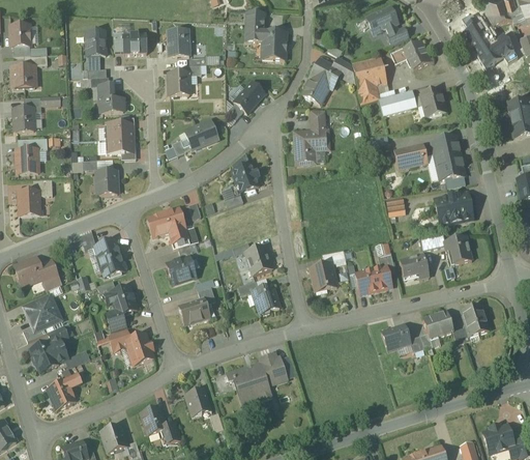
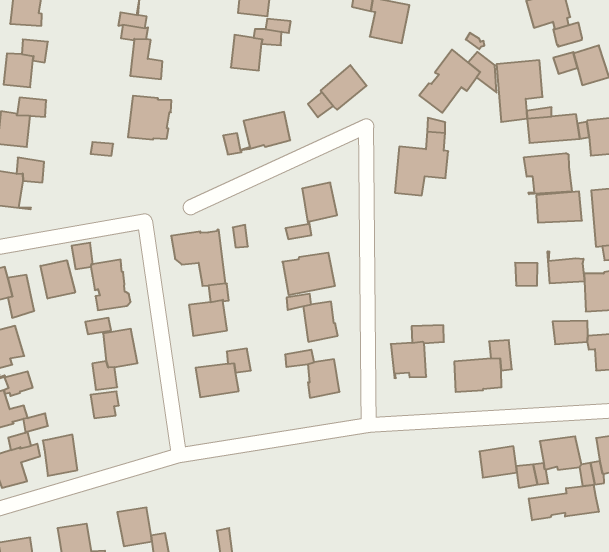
building: none -> [524,153,572,194]
building: [96,170,118,193] -> none
building: none -> [548,251,585,283]
building: none -> [282,253,335,295]
building: none -> [40,260,75,299]
building: [400,253,429,278] -> none
building: [126,333,153,364] -> [43,435,77,476]
building: none -> [529,485,599,520]
building: [226,351,288,403] -> none
building: [185,387,211,415] -> none

